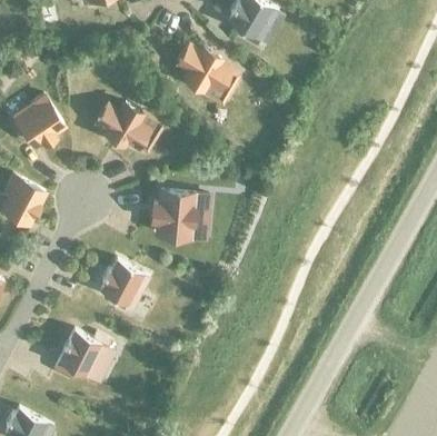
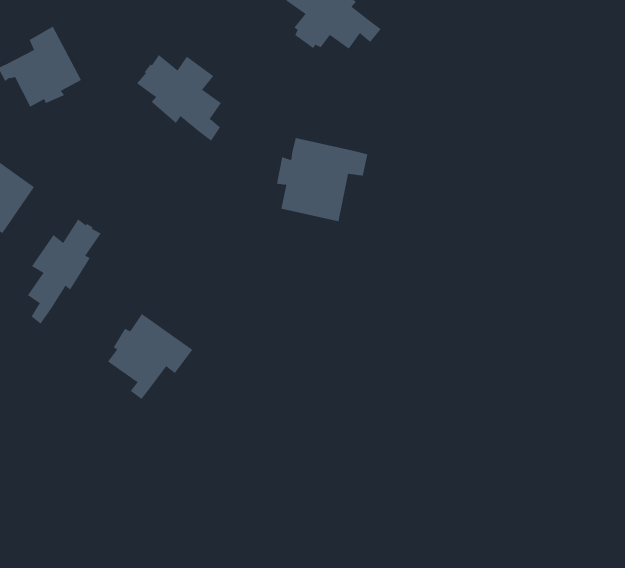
building: [152,192,205,239] -> [276,137,368,222]
building: none -> [27,218,102,325]
building: [53,330,110,379] -> none

